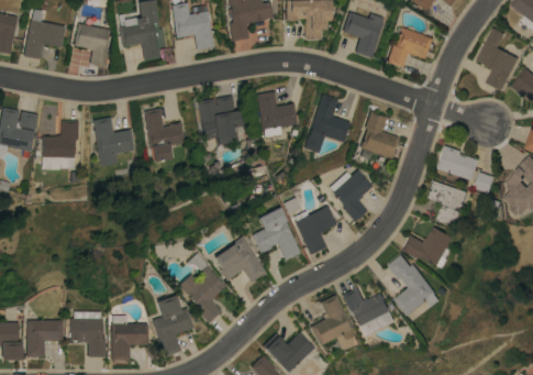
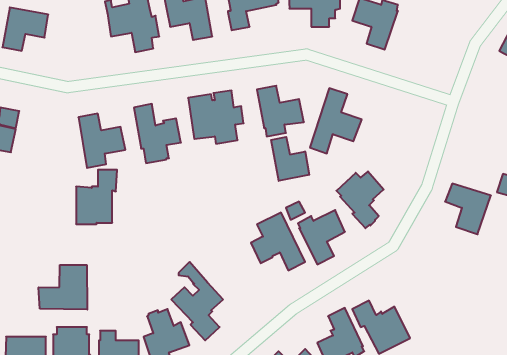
building: [74,23,110,67] -> none
building: [387,26,434,67] -> none
building: [359,111,400,158] -> none
building: [43,120,80,169] -> [76,170,117,224]
building: none -> [271,137,309,181]
building: [437,145,479,179] -> none
building: [403,227,454,267] -> none
building: [211,235,266,282] -> none
building: [389,254,441,316] -> none
building: none -> [39,265,87,310]

